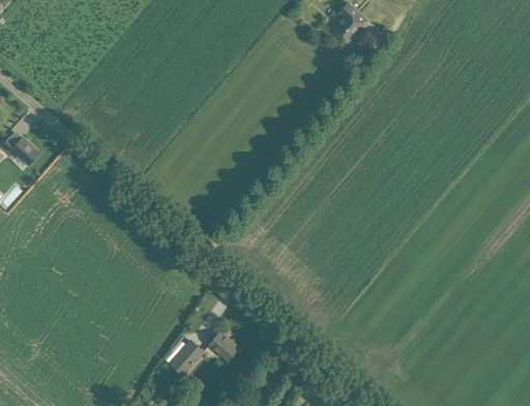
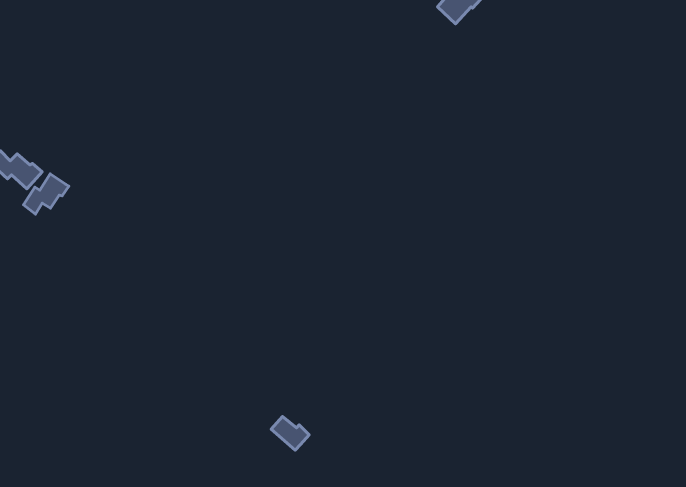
building: none -> [23,174,69,214]
building: [169,340,205,377] -> none

